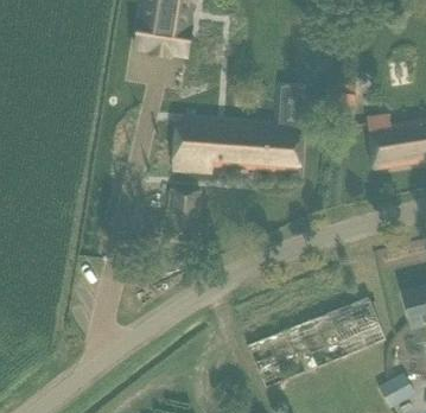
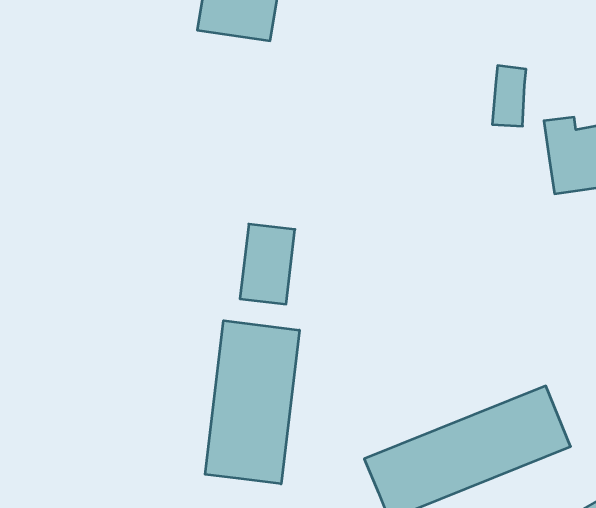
building: [173,87,306,172] -> none
building: none -> [205,321,299,484]

